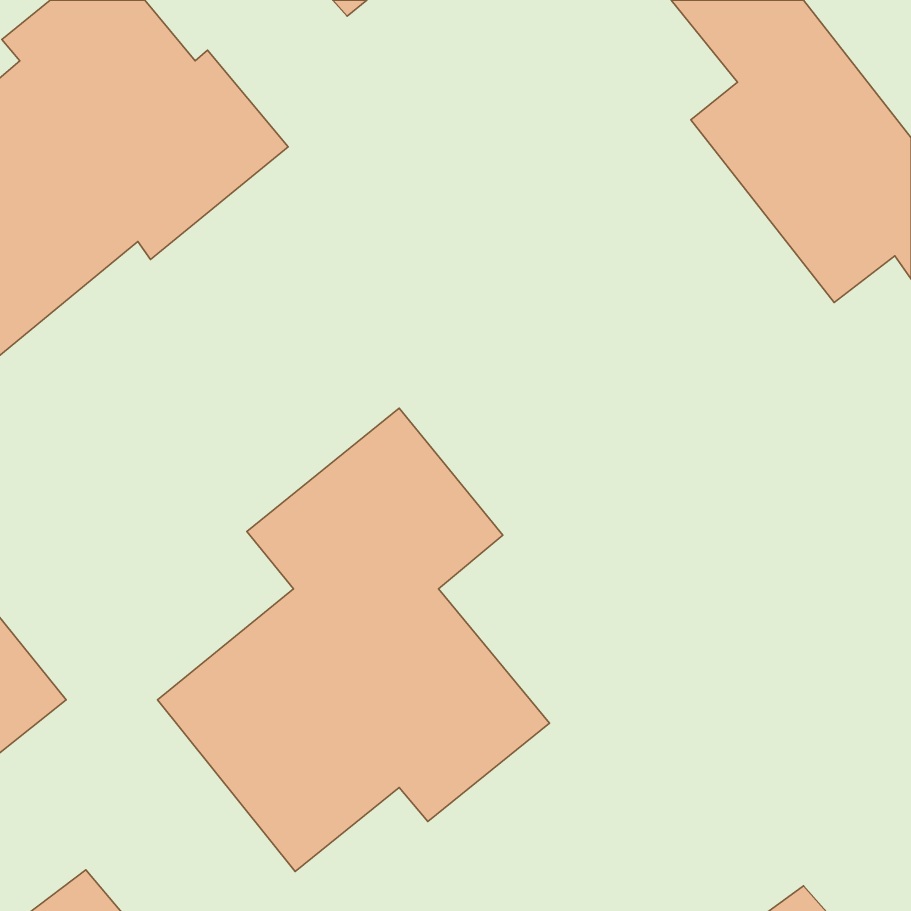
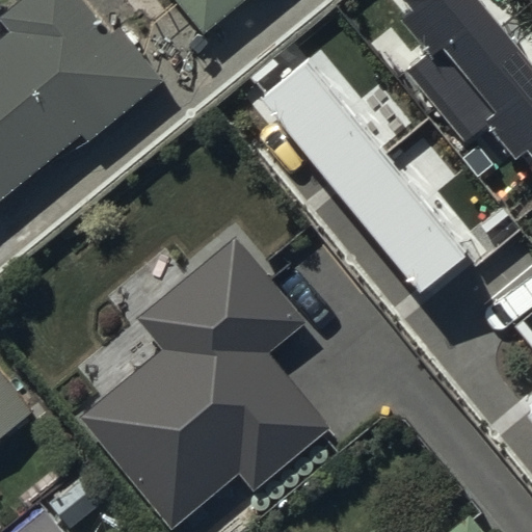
building: none -> [255,44,448,262]

